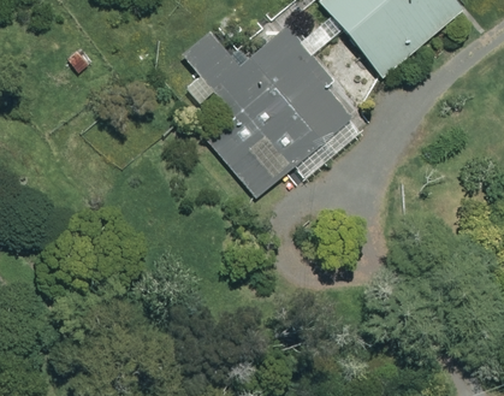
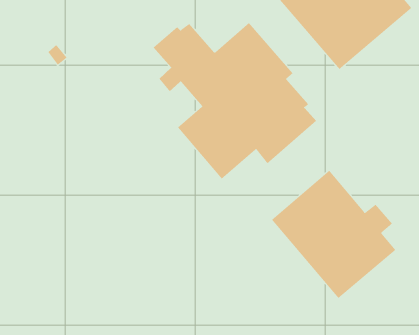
building: none -> [271,170,396,299]

